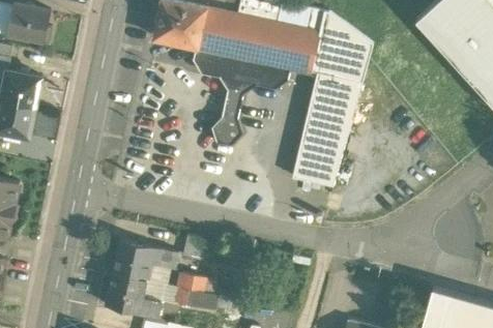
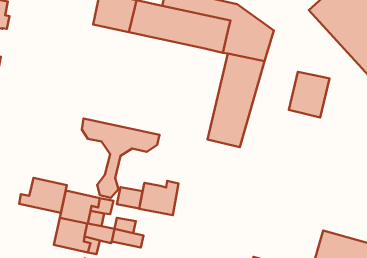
building: [195,49,289,145] -> [82,119,160,198]
building: none -> [289,72,330,117]
building: none -> [19,178,67,213]
building: none -> [139,181,179,215]

